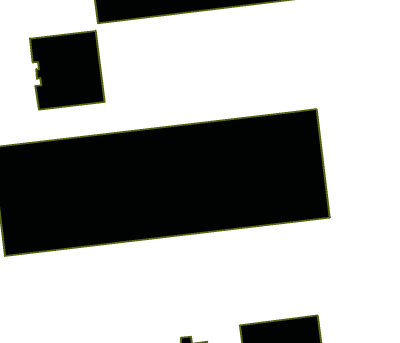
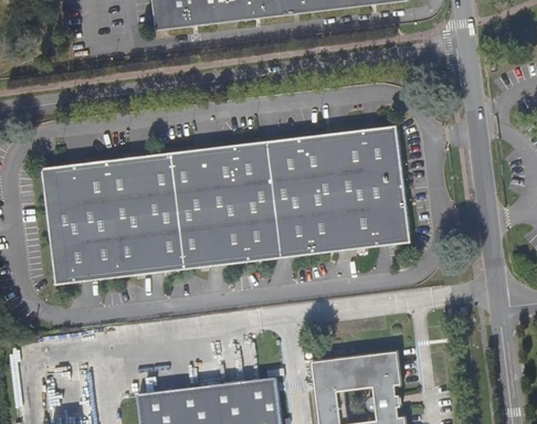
building: [30,31,104,110] -> none

